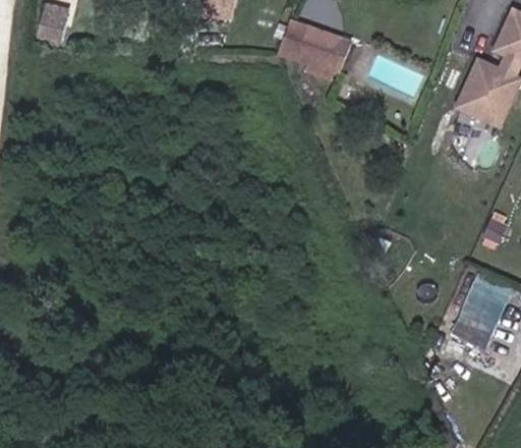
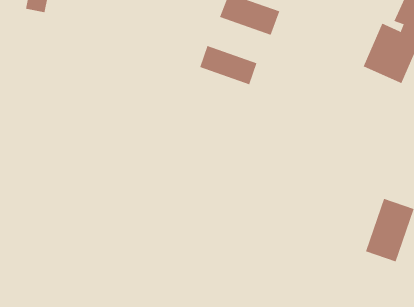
building: none -> [200,45,257,85]

